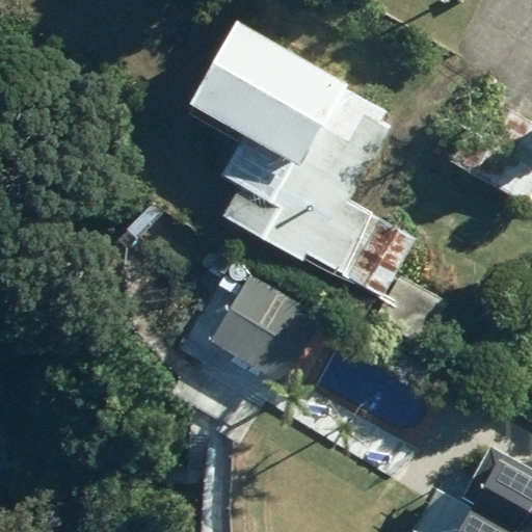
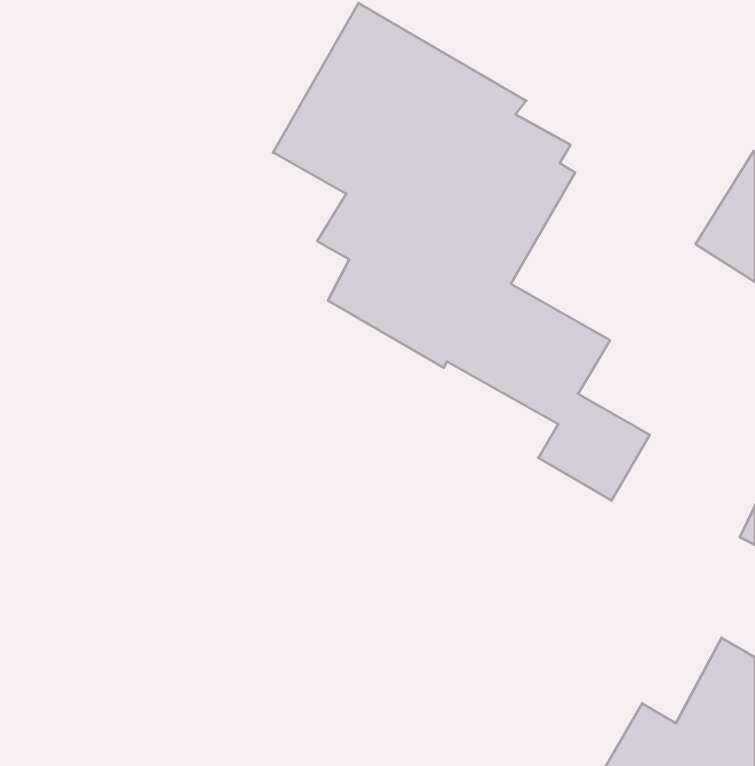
building: [205,274,321,390] -> none

